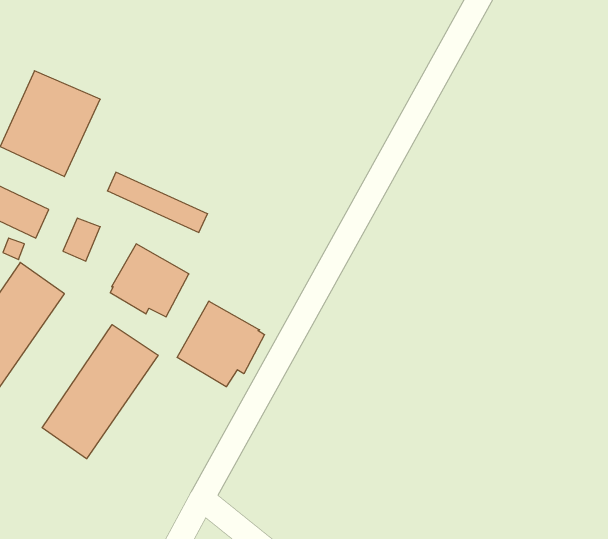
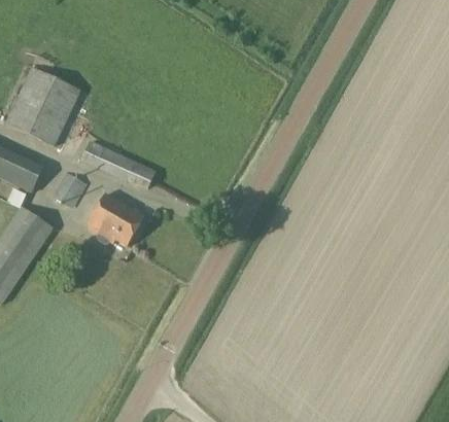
building: [177,301,265,387] -> none
building: [42,325,158,459] -> none

